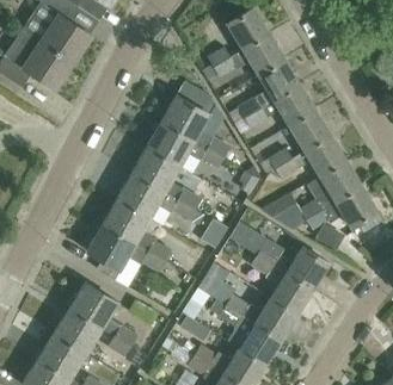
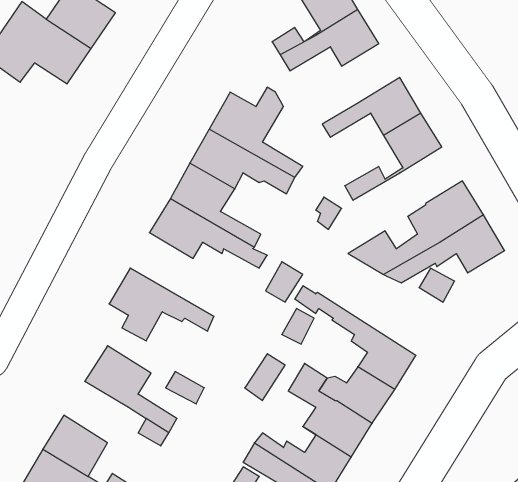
building: [239,58,302,118] -> none
building: [268,135,349,180] -> none
building: [103,198,171,260] -> none
building: [241,232,331,288] -> none
building: [54,308,102,353] -> none

